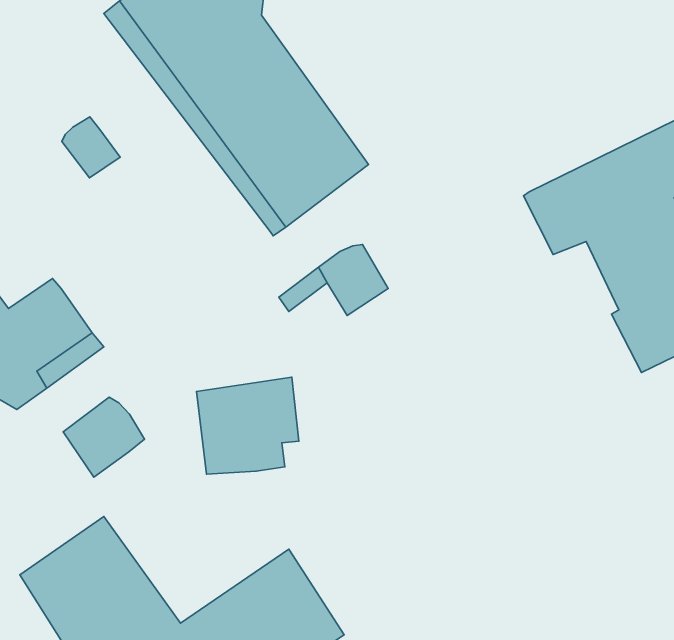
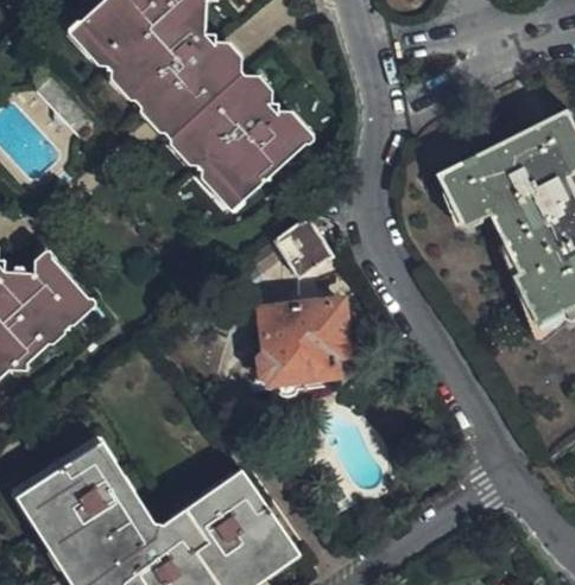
building: [62,117,120,178] -> none
building: [196,377,299,474] -> [255,299,341,380]
building: [63,397,145,477] -> none

